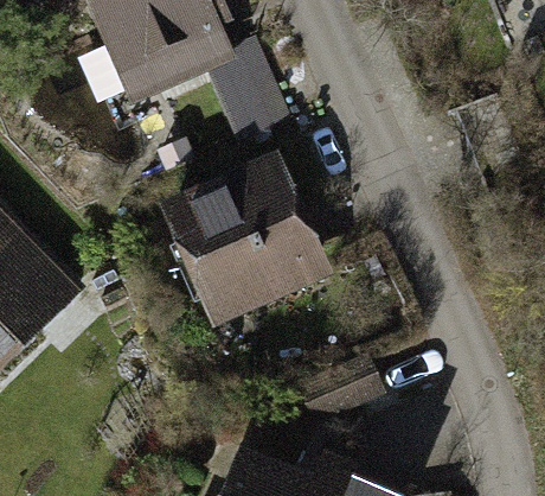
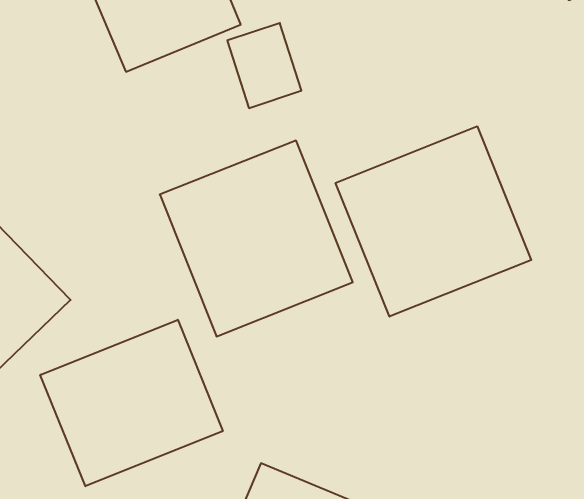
building: none -> [336,126,531,317]
building: none -> [40,320,223,486]

